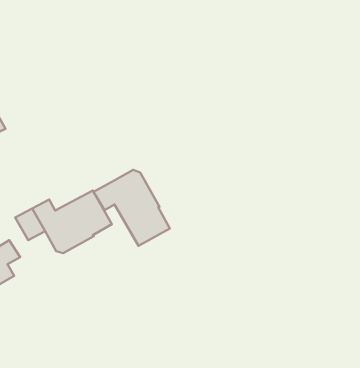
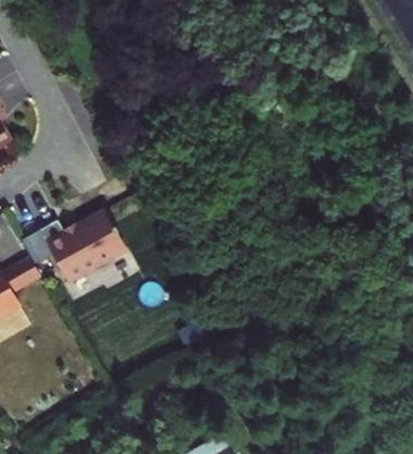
building: [94,170,170,246] -> none

